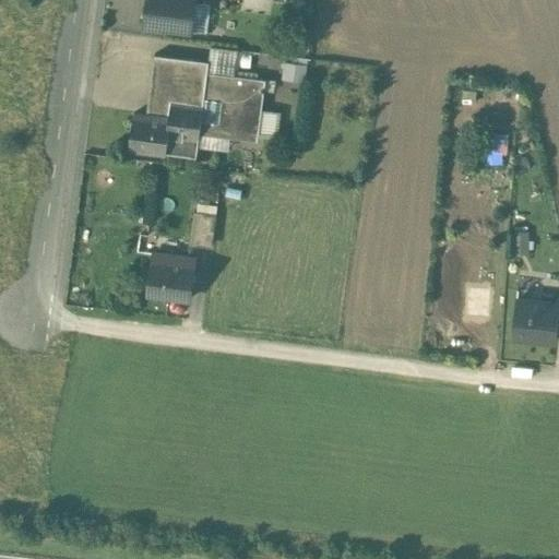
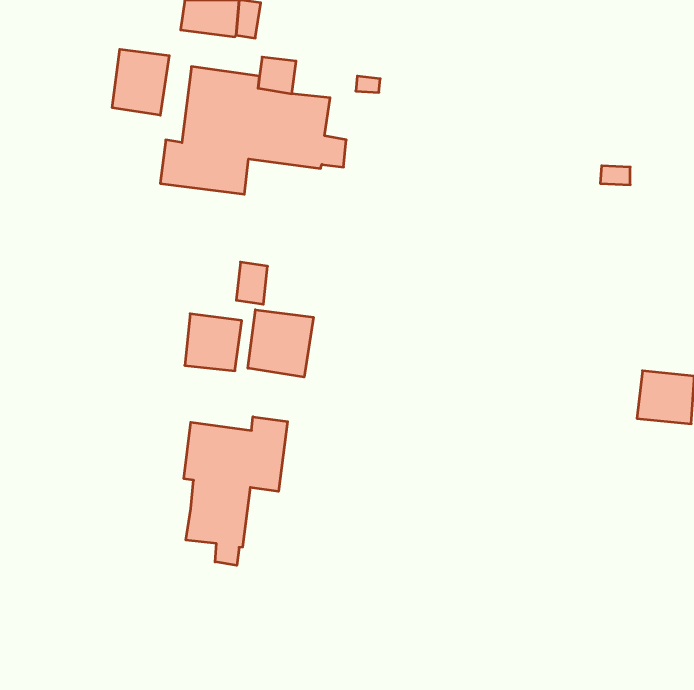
building: none -> [112,49,169,115]
building: none -> [248,310,313,377]
building: none -> [184,417,288,565]

